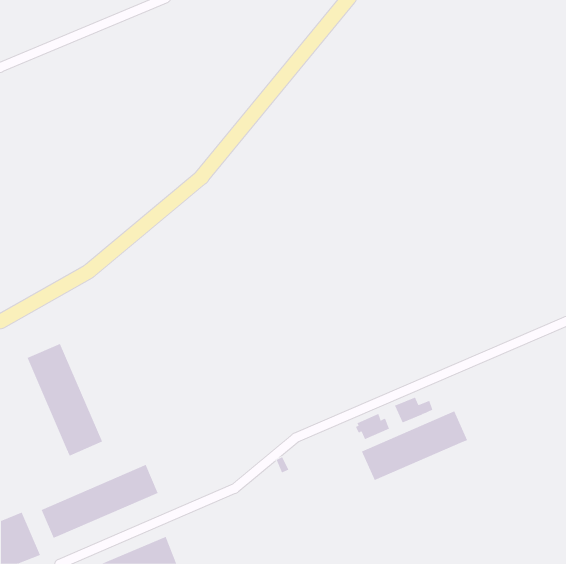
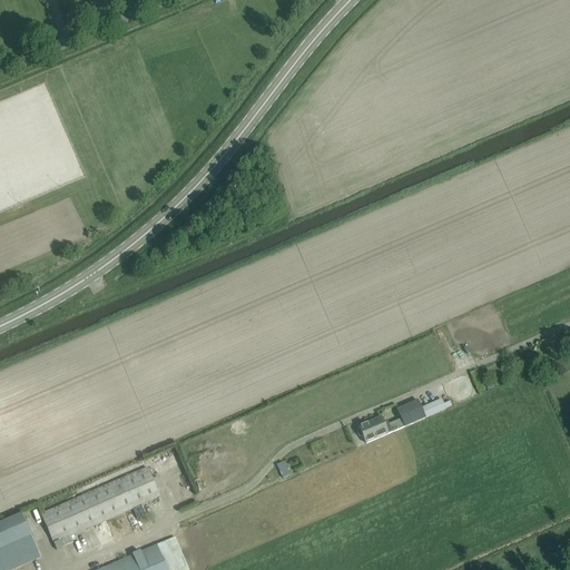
building: [27,343,103,456] -> none
building: [361,411,468,481] -> none

